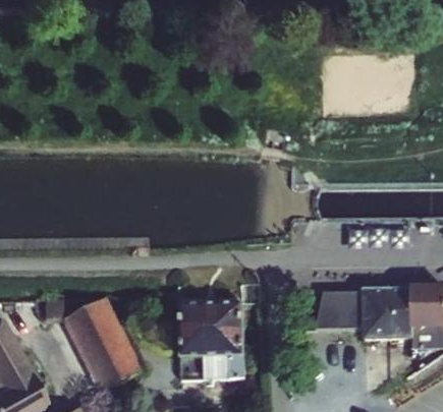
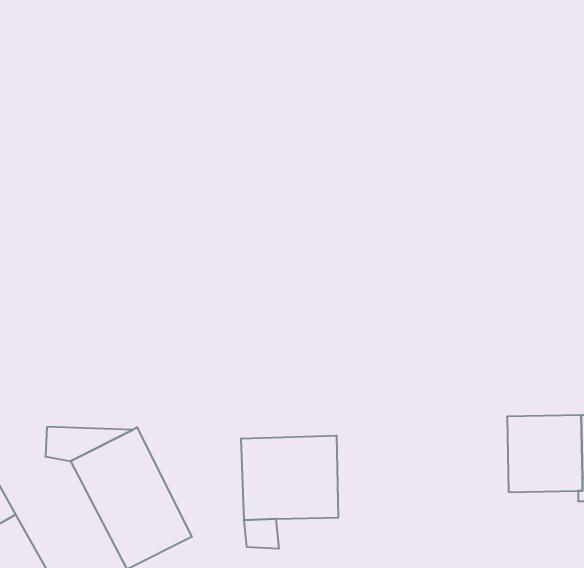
building: [315,289,362,330] -> none
building: [202,358,244,379] -> none

